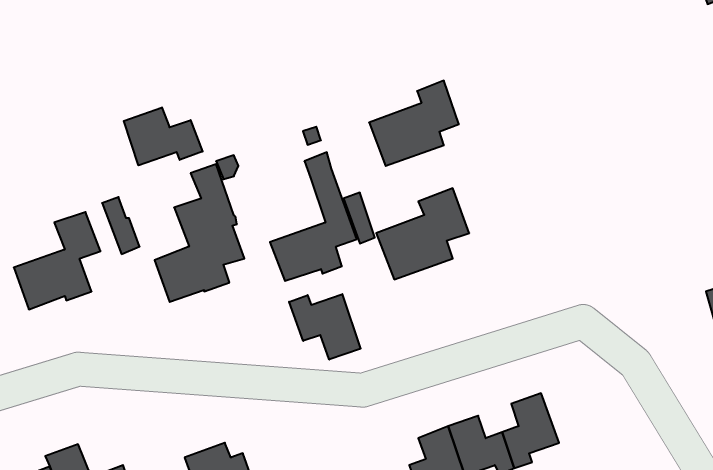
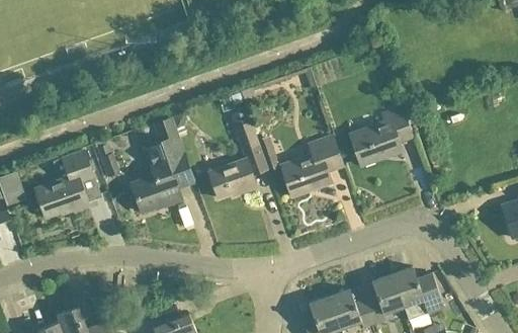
building: [369,81,459,166] -> [351,107,412,165]
building: [124,107,203,165] -> none
building: [289,294,361,360] -> none
building: none -> [392,267,444,320]

